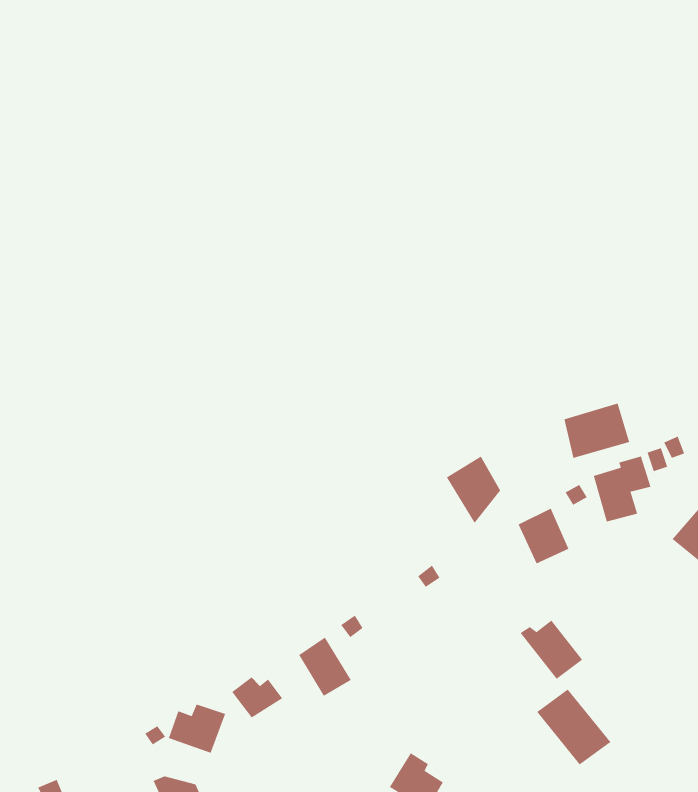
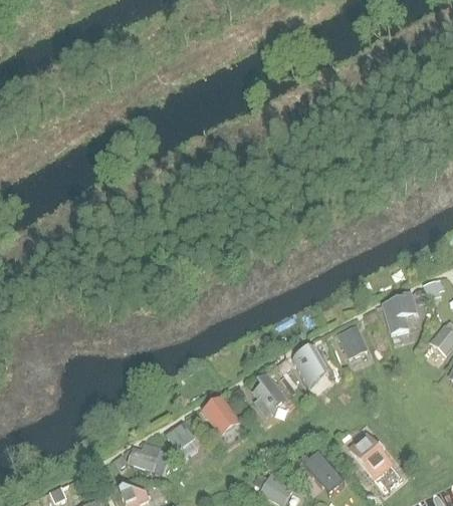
building: [564,403,630,459] -> none
building: [446,455,501,524] -> [291,342,324,384]
building: none -> [254,371,286,416]
building: [520,619,583,680] -> [299,451,337,487]

